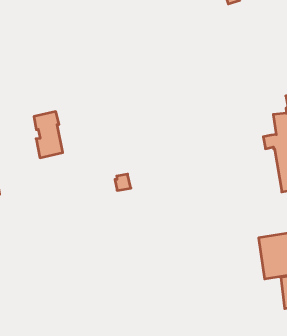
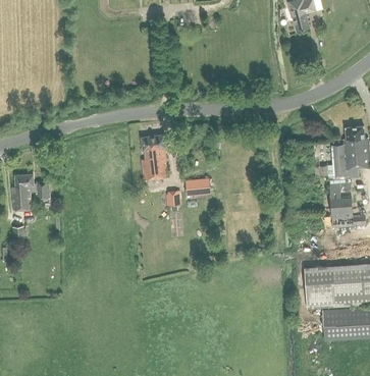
building: [34,112,63,158] -> [142,133,167,178]
building: none -> [186,178,211,196]

